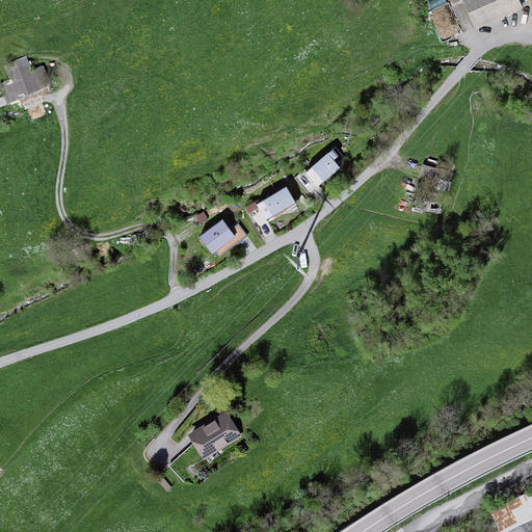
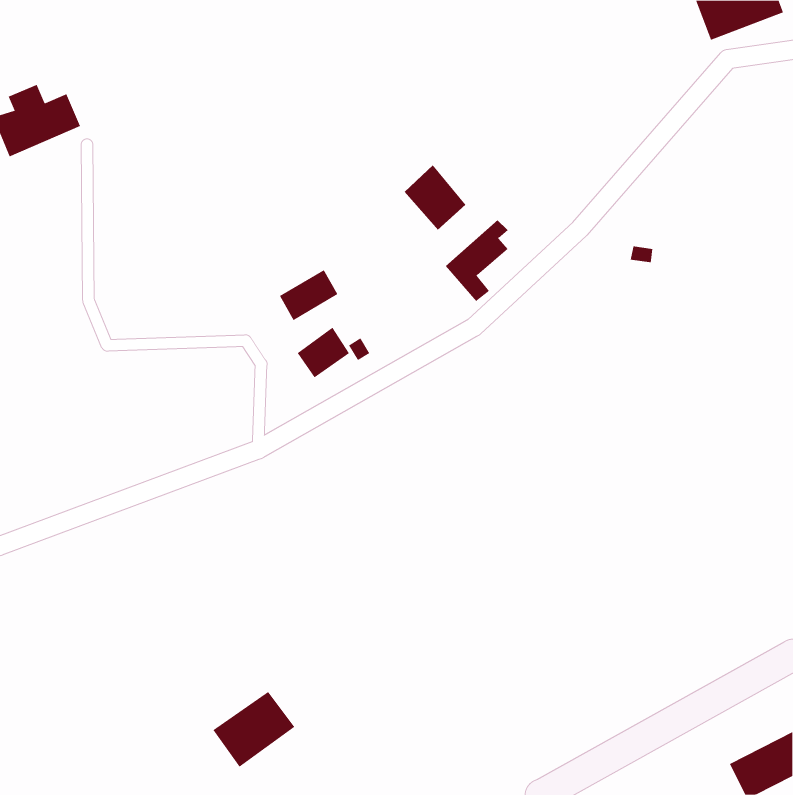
building: none -> [404,165,466,230]
building: [255,185,294,219] -> [279,269,338,321]
building: [187,411,242,462] -> [213,691,295,767]

